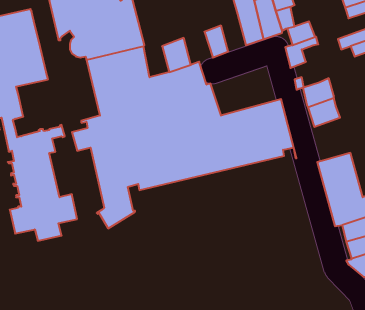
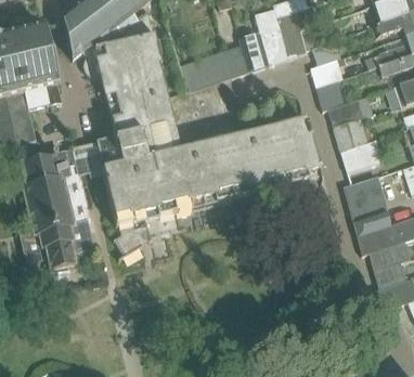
building: none -> [242,31,269,70]
building: none -> [204,50,234,84]
building: none -> [340,139,379,172]

